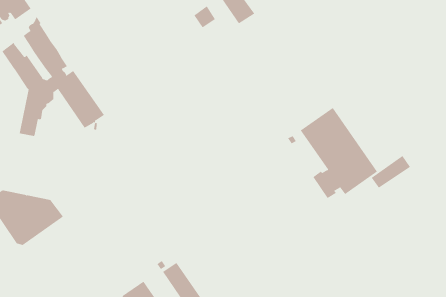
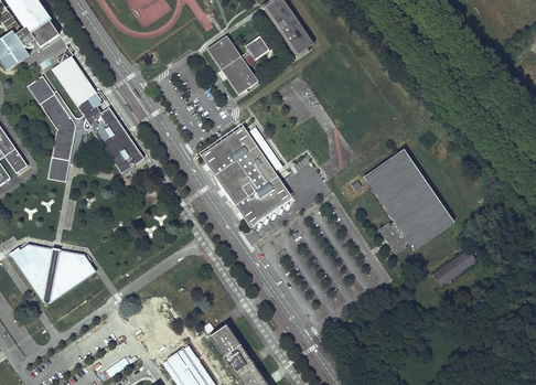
building: none -> [206,35,258,94]
building: none -> [205,129,287,221]
building: [371,155,411,188] -> [431,249,476,287]

